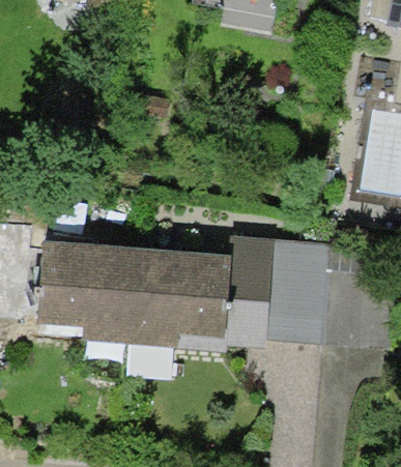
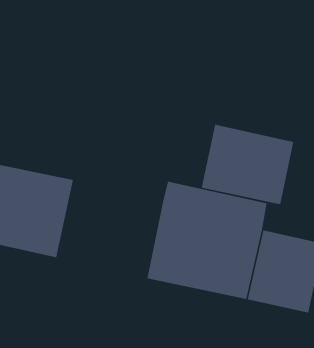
building: none -> [201,124,294,205]
building: [117,246,213,349] -> none

